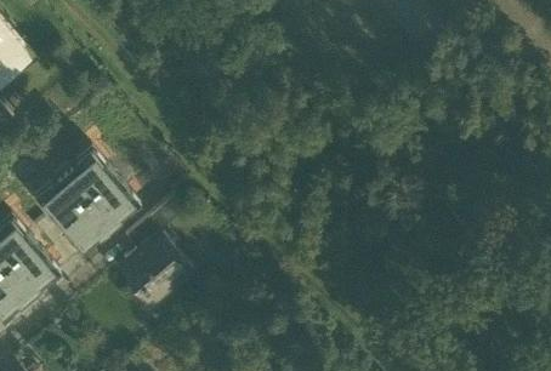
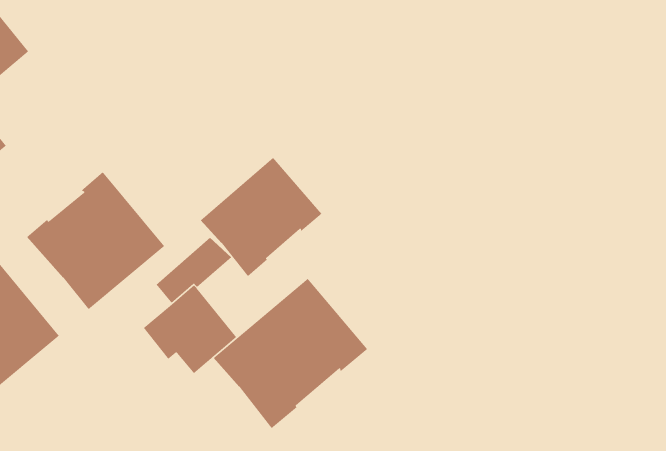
building: none -> [200,157,323,277]
building: none -> [213,278,368,429]

